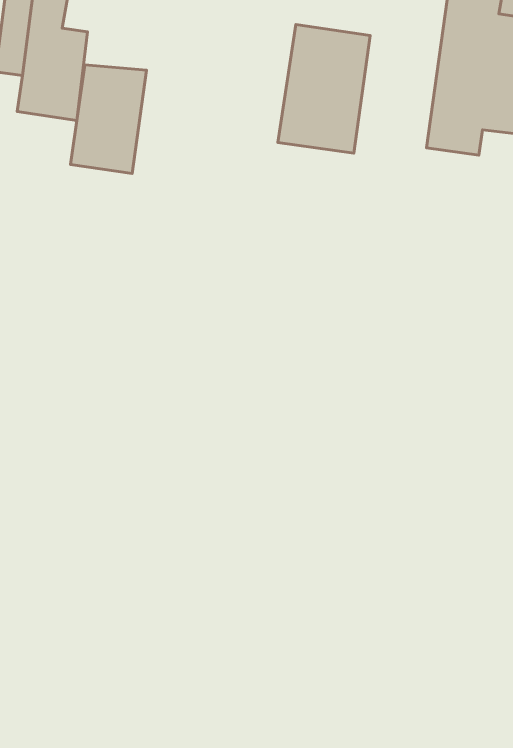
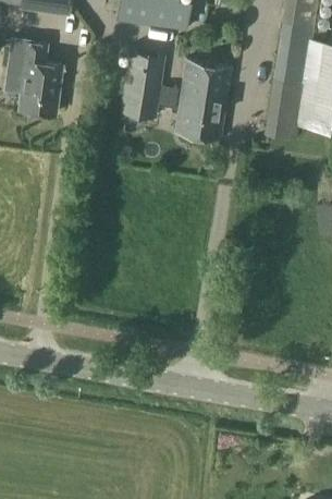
building: [70,65,147,173] -> [119,54,164,120]

